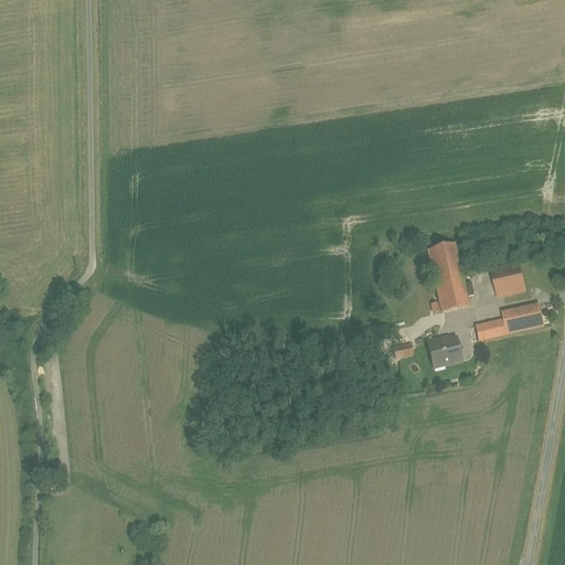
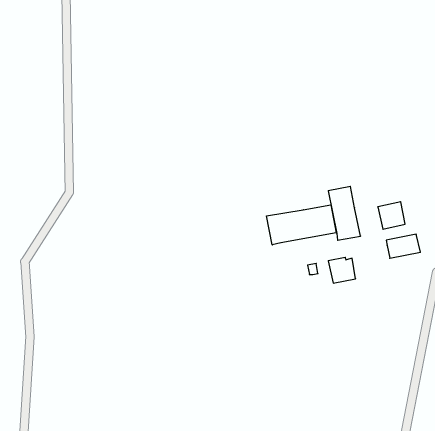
building: none -> [267,205,336,245]
building: [475,317,505,340] -> none

